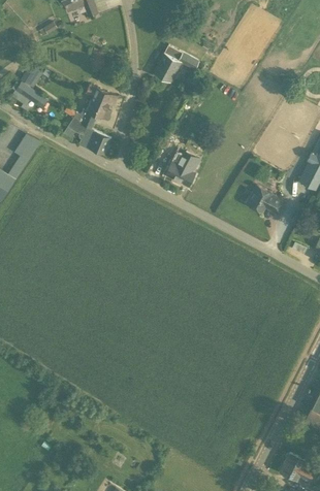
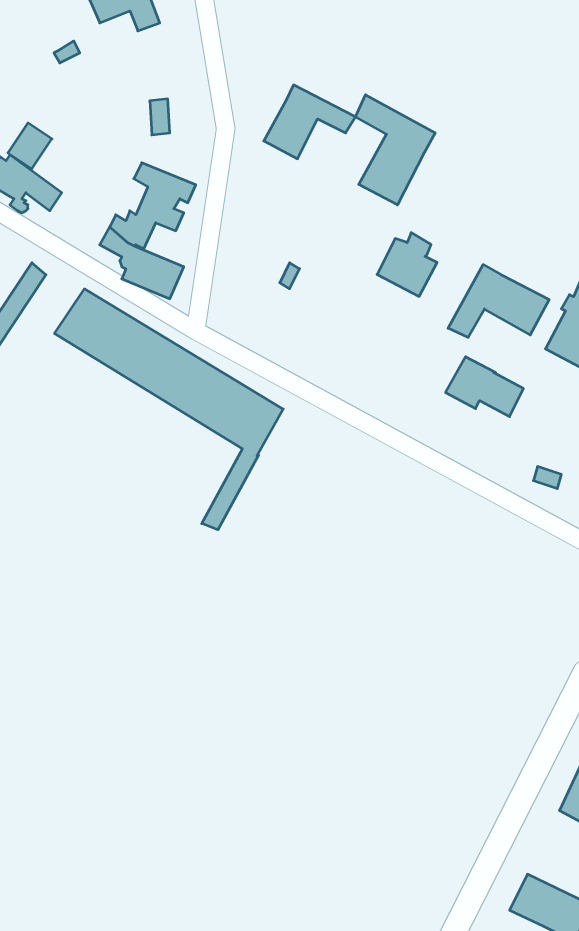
building: none -> [356,95,435,205]
building: none -> [448,265,549,337]
building: none -> [55,289,283,530]
building: [166,154,197,187] -> [377,233,437,296]

